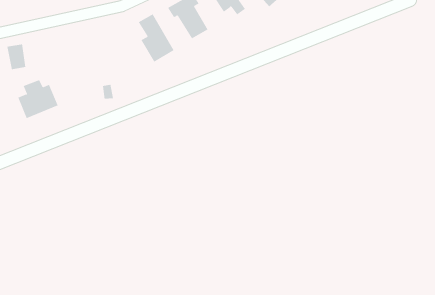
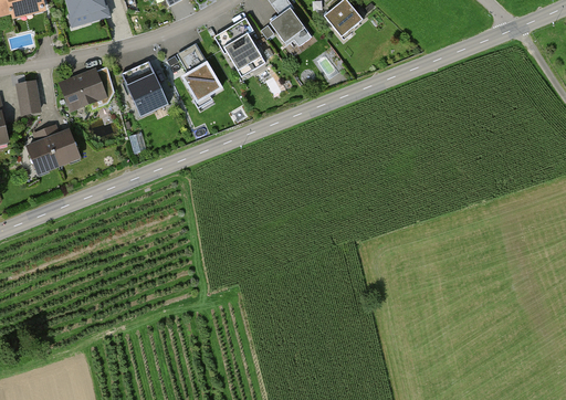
building: none -> [119,59,172,120]
building: none -> [61,70,104,110]

